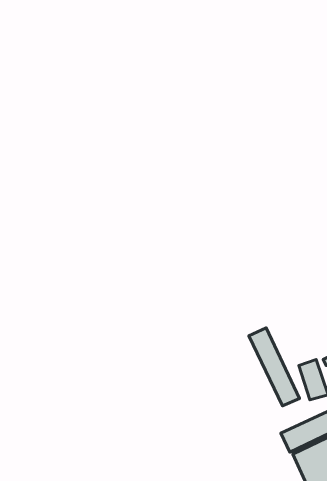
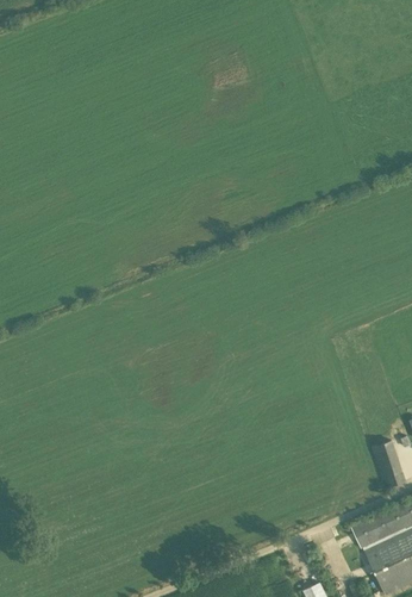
building: [249,328,299,406] -> none

